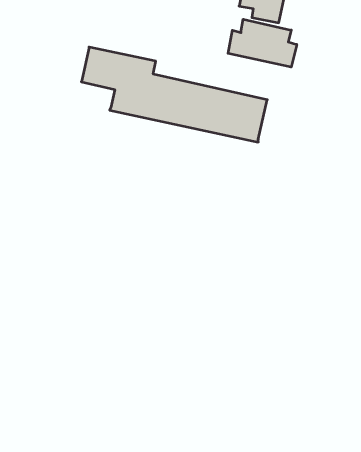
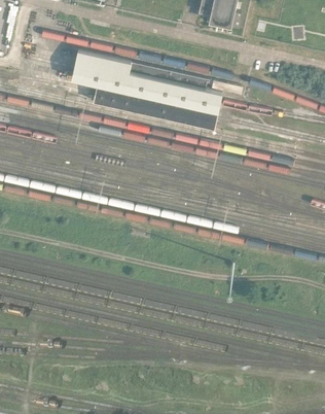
building: [228,19,297,67] -> none

